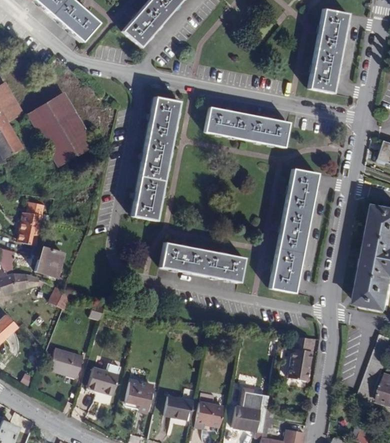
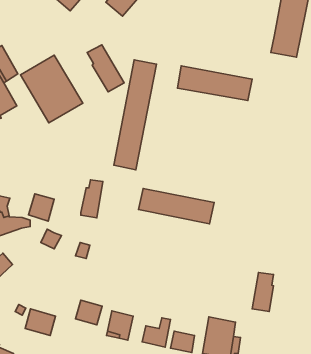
building: none -> [87,45,124,92]
building: [269,168,317,292] -> none
building: [18,202,43,245] -> [81,180,103,218]
building: [49,348,83,378] -> [25,309,56,336]

